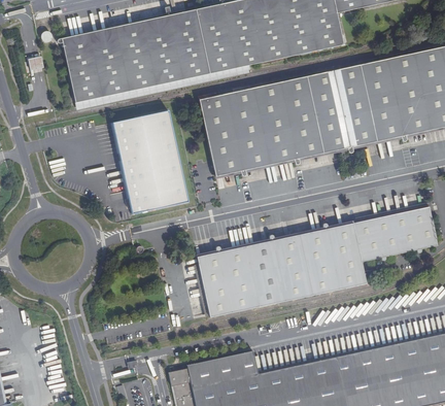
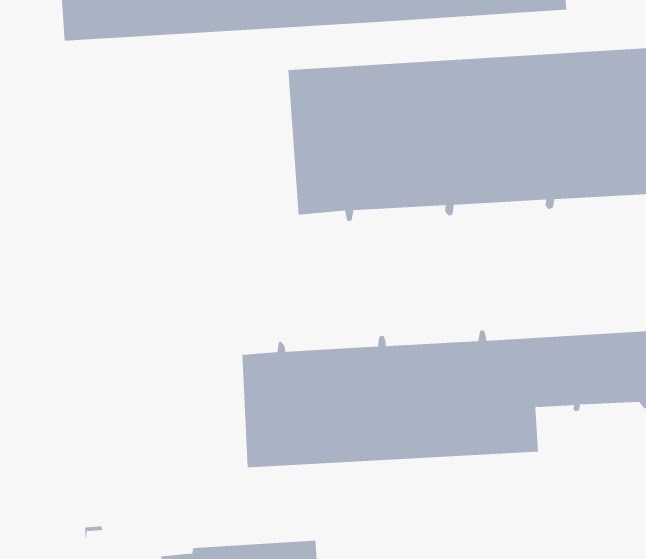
building: [111,112,187,215] -> none

